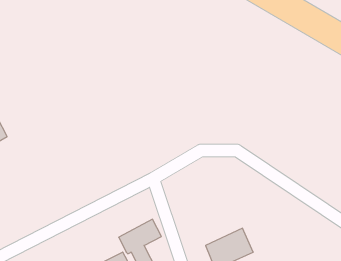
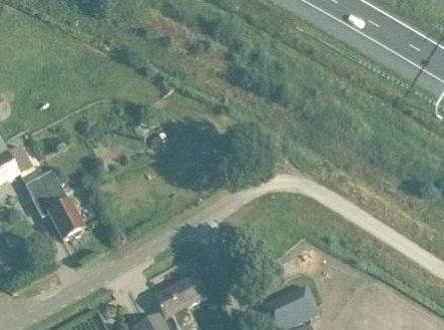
building: none -> [24,169,83,239]

